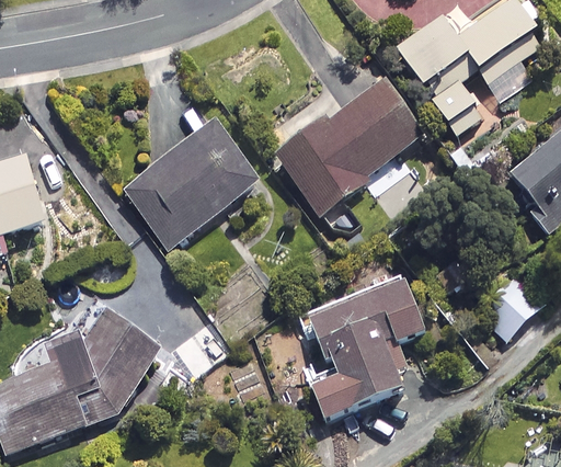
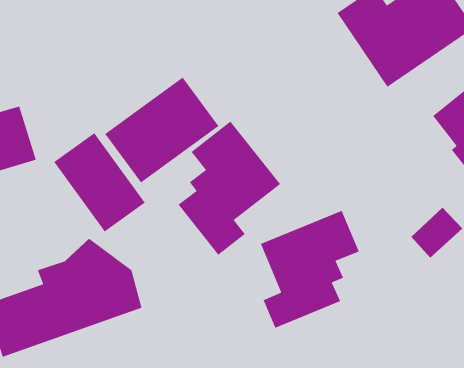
building: [275,80,423,213] -> none
building: none -> [177,121,281,256]
building: none -> [53,132,146,233]

